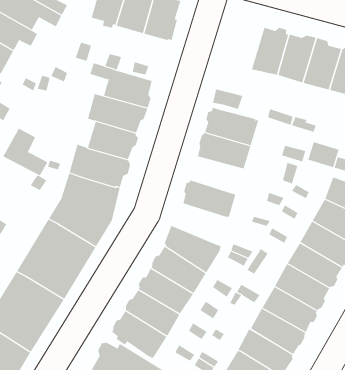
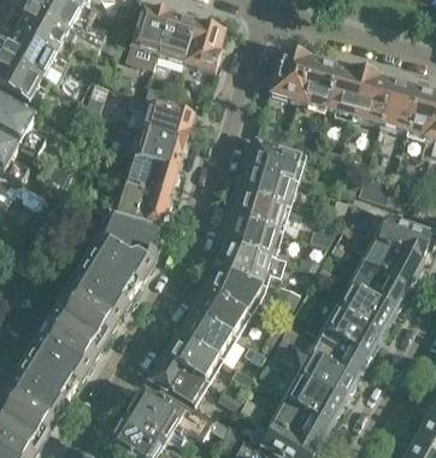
building: none -> [269,46,311,101]
building: none -> [232,193,290,233]
building: none -> [213,242,285,287]

